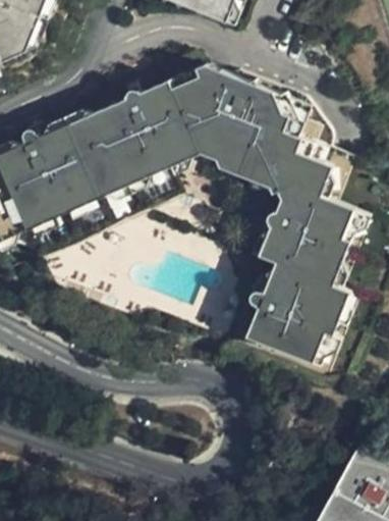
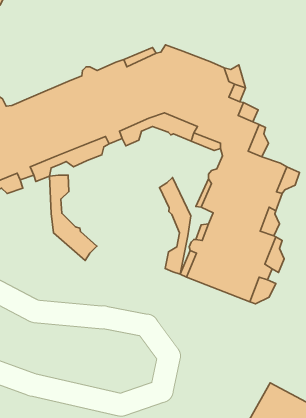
building: none -> [49,175,97,260]
building: none -> [159,177,191,274]

